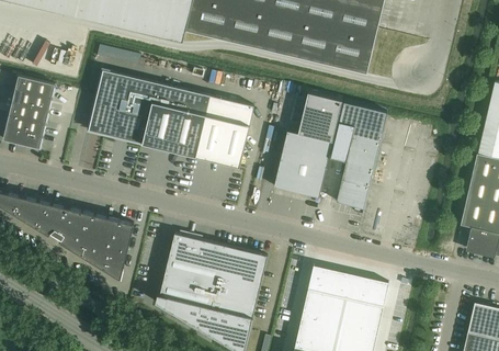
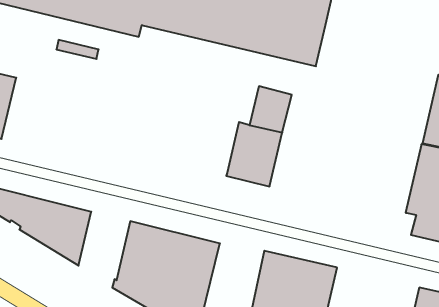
building: [88,69,253,166] -> none
building: [330,101,386,213] -> none

